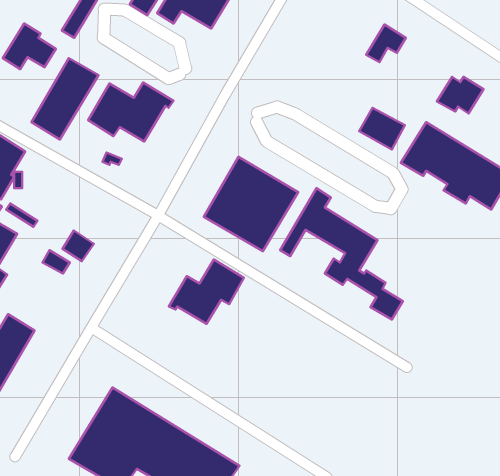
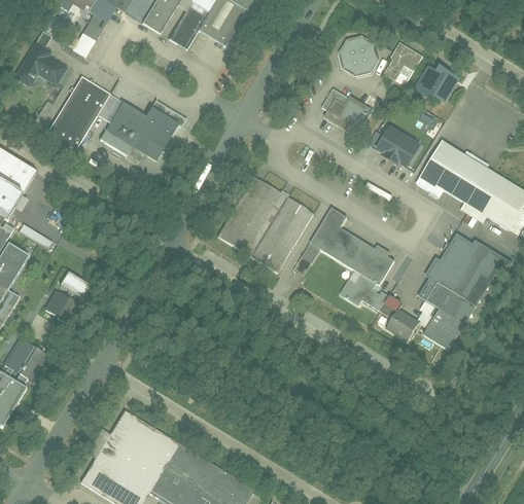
building: none -> [338,36,379,76]
building: none -> [322,87,373,137]
building: [437,77,484,114] -> [413,66,460,103]
building: none -> [422,230,506,341]
building: [63,231,94,261] -> [41,287,73,318]
building: [169,260,244,324] -> none

